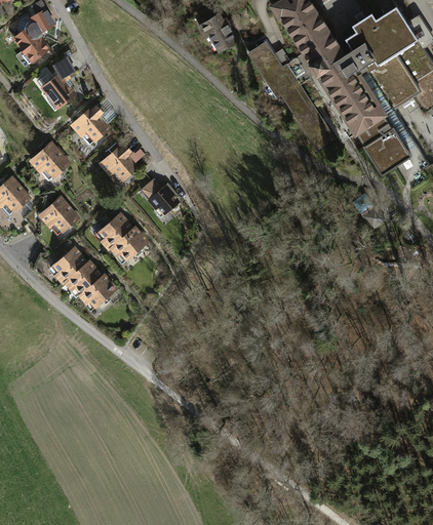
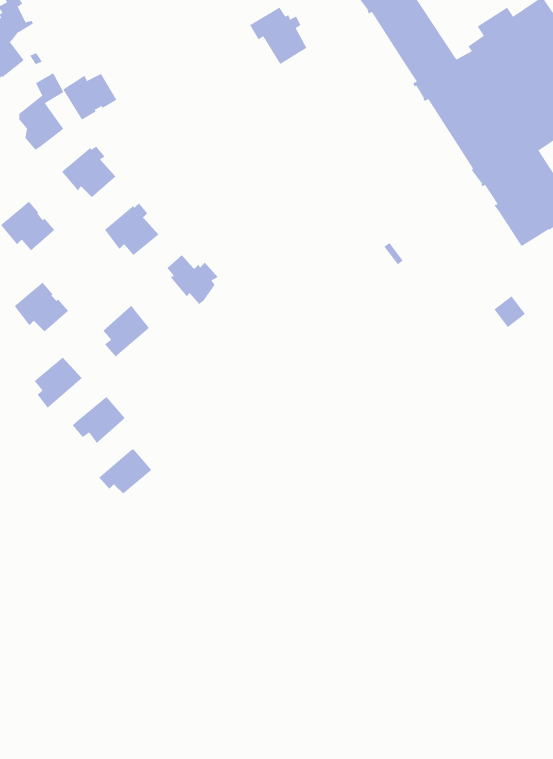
building: [246,41,336,151] -> none
building: none -> [63,73,117,120]
building: [110,228,147,259] -> none
building: [65,261,101,292] -> [99,448,152,494]

